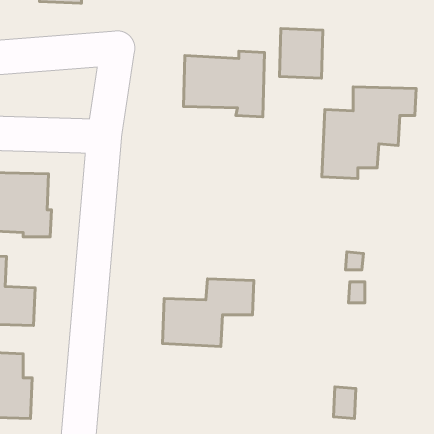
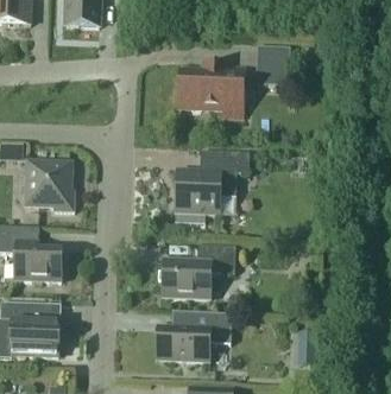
building: [322,87,416,178] -> [175,151,250,223]
building: none -> [160,310,232,361]

